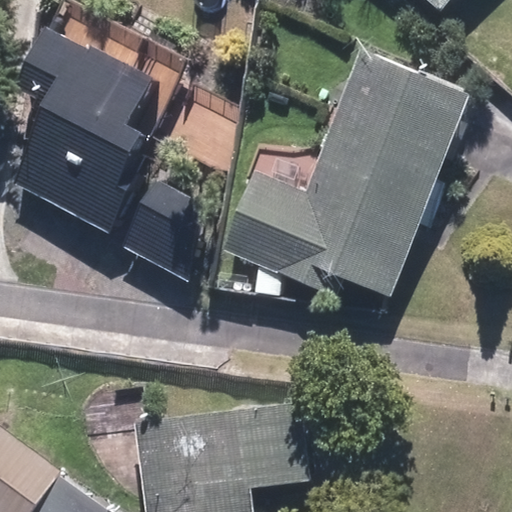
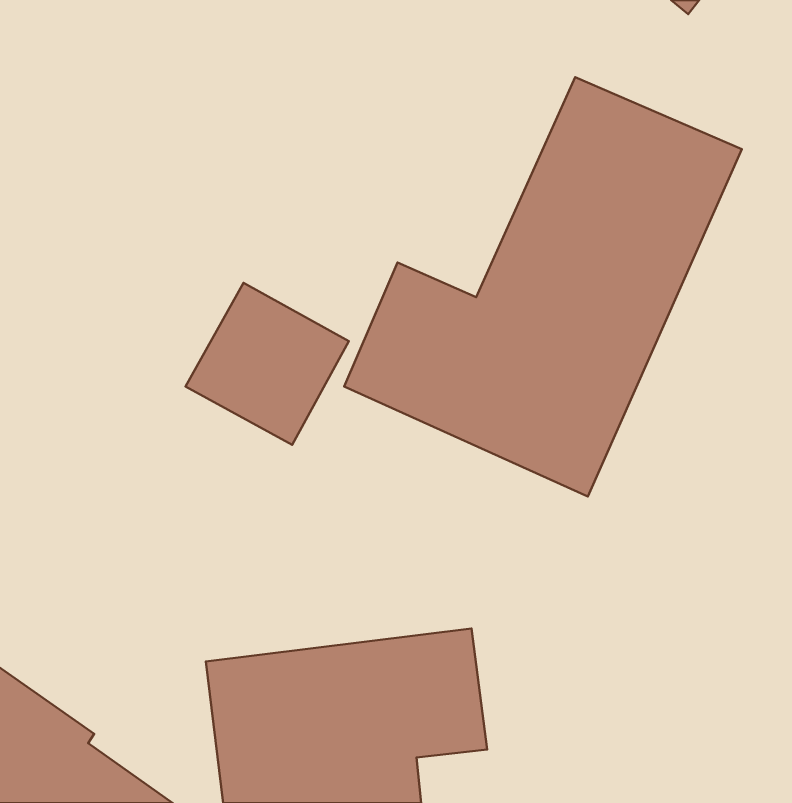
building: [9,27,156,234] -> none

